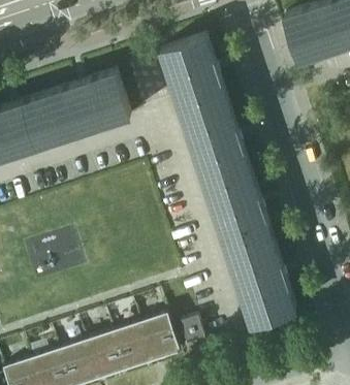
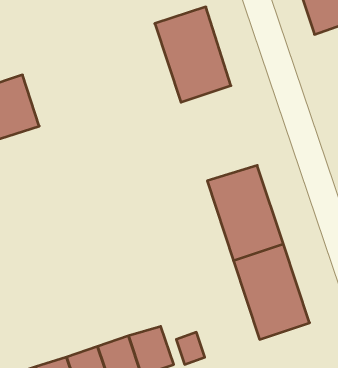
building: [47,74,130,141] -> none
building: [185,106,251,189] -> none

